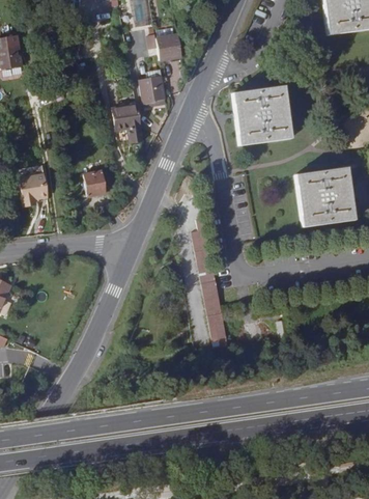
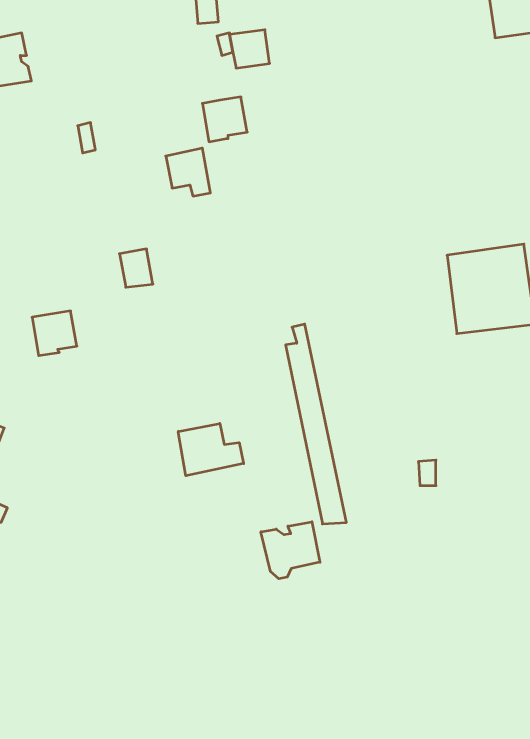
building: [233,87,290,145] -> none
building: [19,172,48,201] -> [32,311,77,356]
building: none -> [178,423,244,476]
building: none -> [261,522,320,579]

